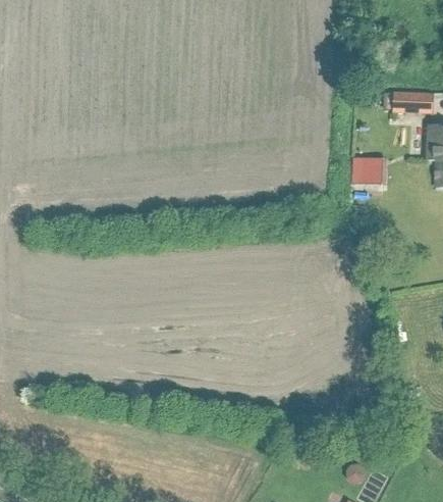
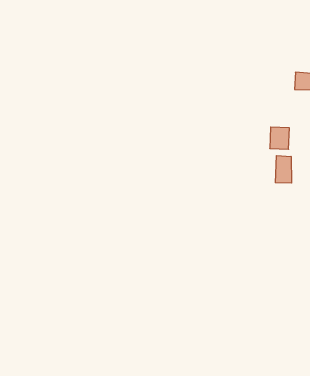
building: none -> [275,156,292,183]

